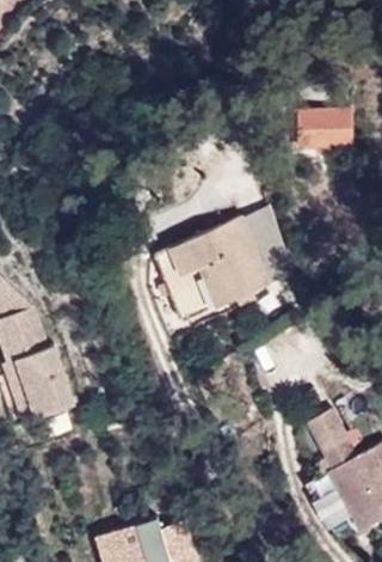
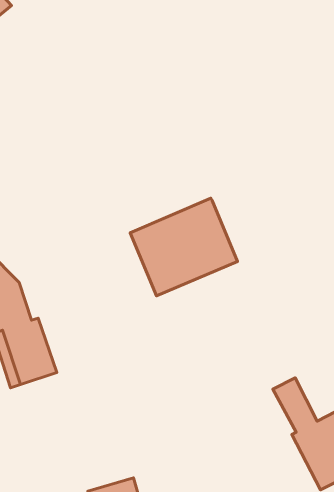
building: [297,117,351,143] -> none
building: [241,208,292,286] -> none

